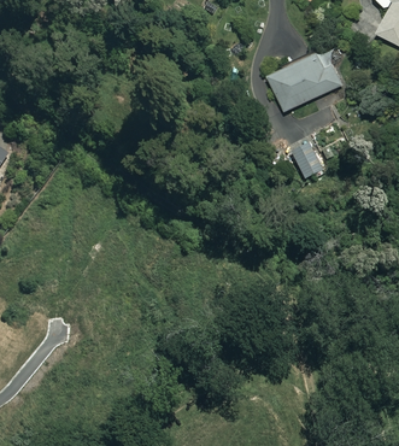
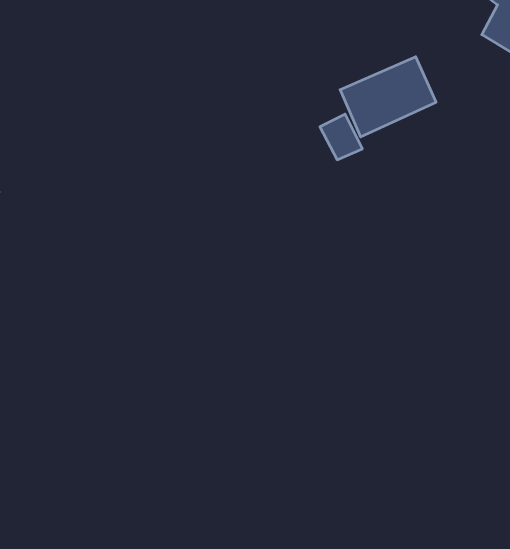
building: [289,143,322,178] -> [320,114,362,160]

